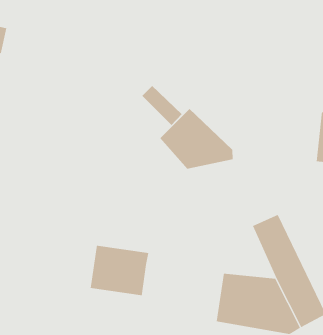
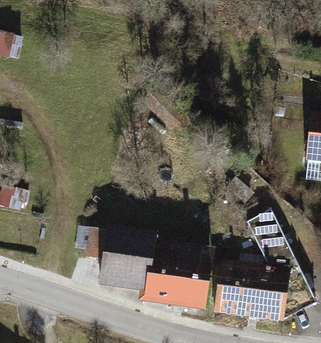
building: [159,108,233,170] -> none
building: none -> [143,253,213,308]

